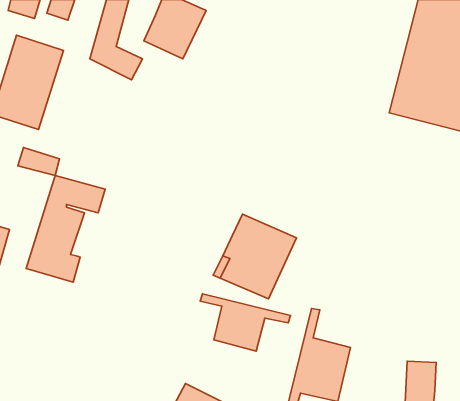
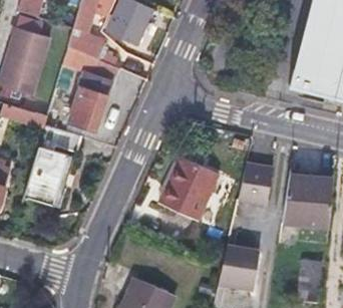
building: none -> [66,43,122,129]
building: none -> [237,161,273,204]
building: none -> [281,176,334,225]
building: [200,294,291,351] -> none

